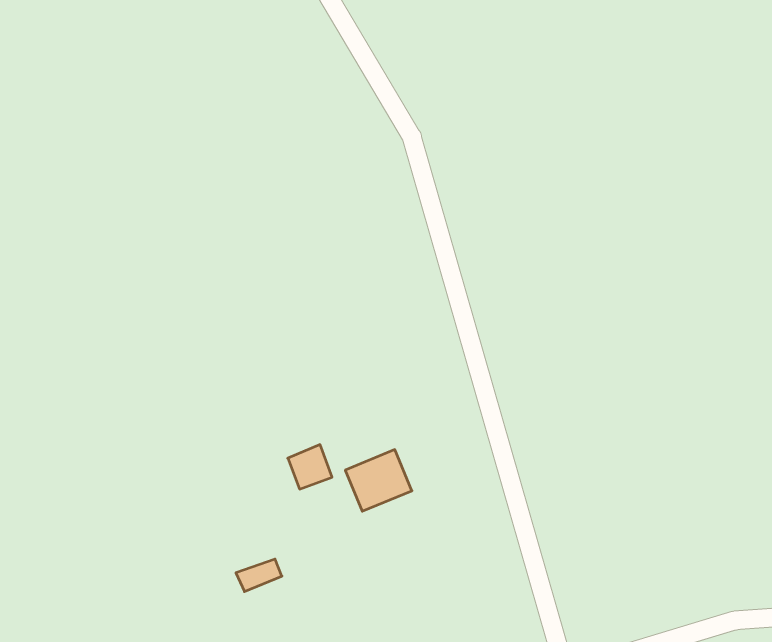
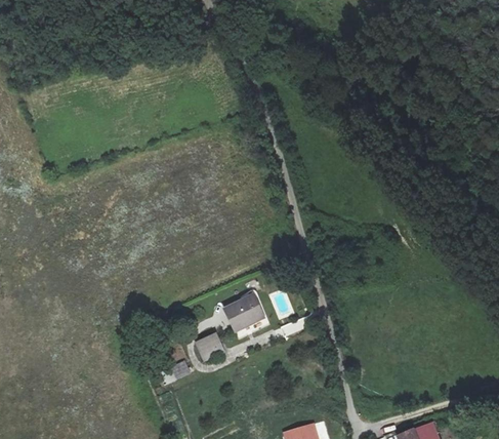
building: [288,445,332,489] -> [195,332,221,359]

